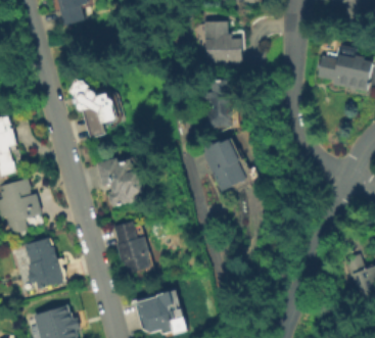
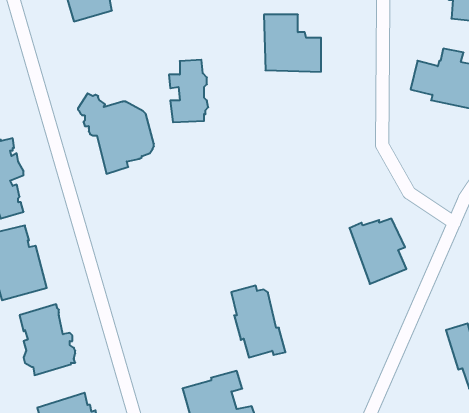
building: [199,81,229,128] -> [169,60,208,122]
building: [206,142,249,191] -> [349,219,406,284]
building: [96,156,150,206] -> none
building: [109,222,150,276] -> [231,286,286,358]

